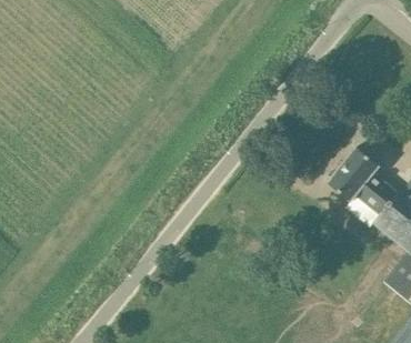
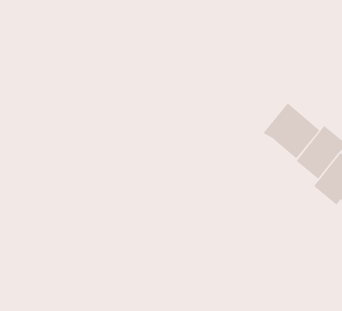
building: none -> [263,102,320,159]

